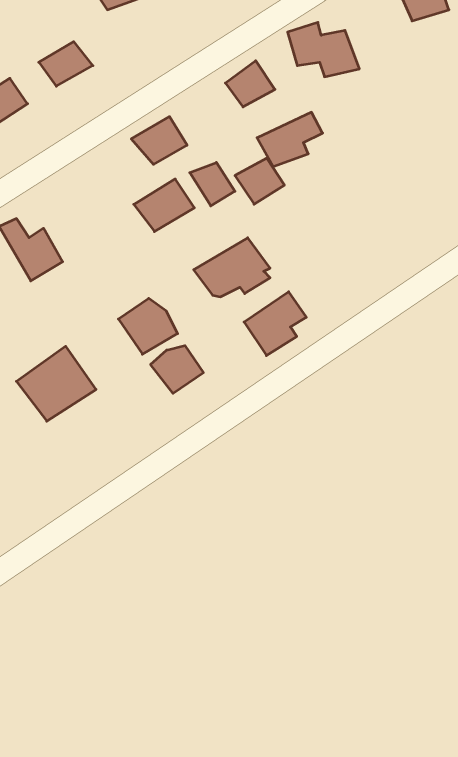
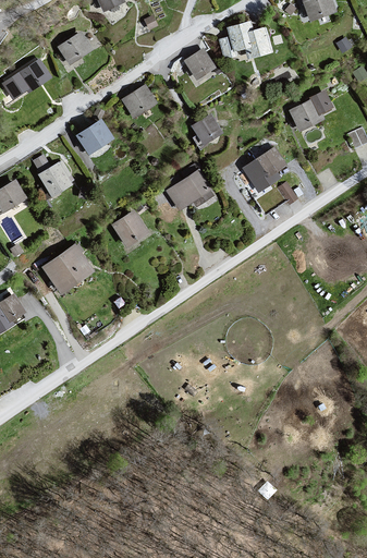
building: [257,112,323,167] -> [289,92,333,129]
building: [190,162,235,206] -> none
building: [134,179,194,232] -> [76,118,118,154]
building: [244,292,306,356] -> [242,146,284,190]
building: [151,346,203,393] -> none

